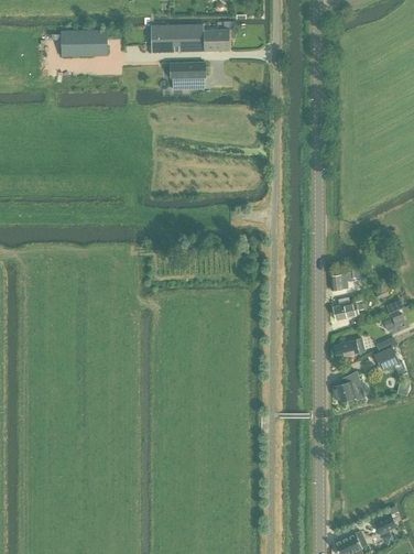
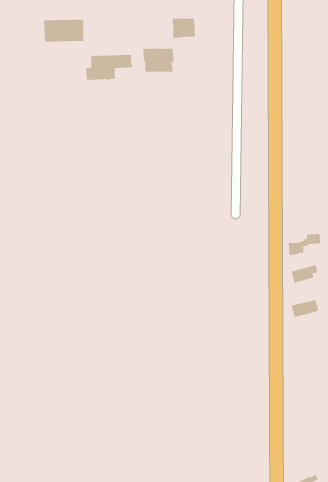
building: [151,23,203,52] -> [86,54,133,80]
building: [333,371,363,402] -> none

